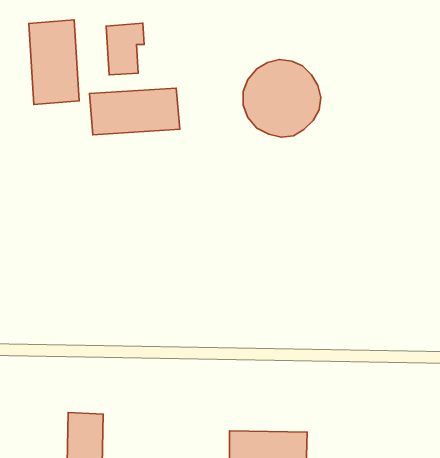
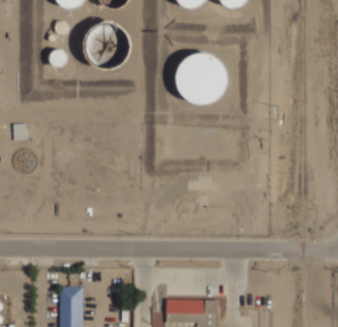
building: [29,20,79,105] -> none
building: [89,88,180,135] -> none

